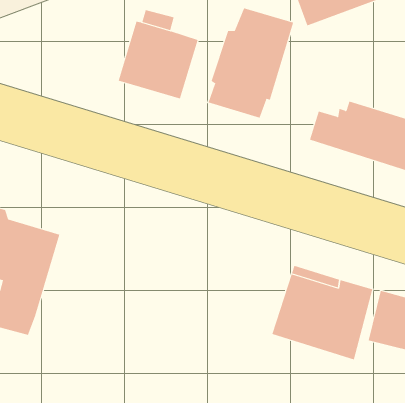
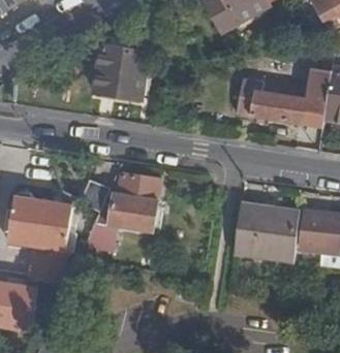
building: [208,8,294,119] -> none
building: none -> [85,174,159,253]

